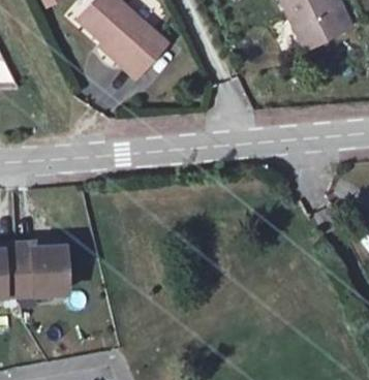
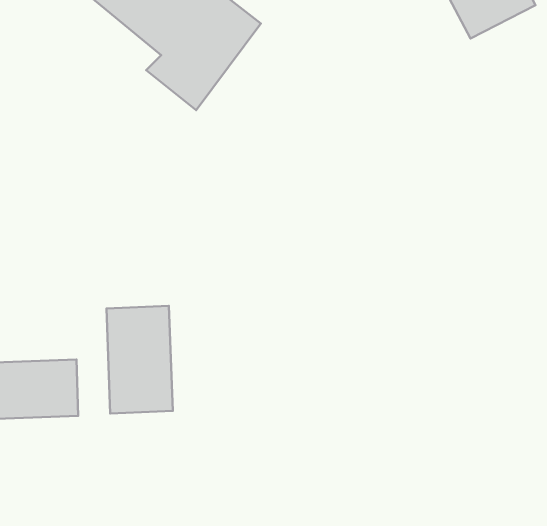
building: none -> [106,306,173,413]

